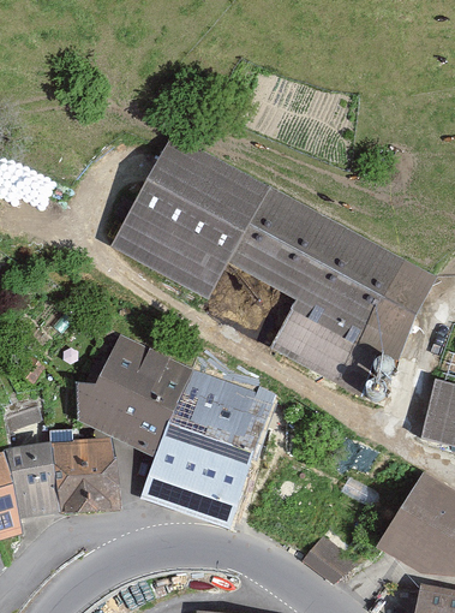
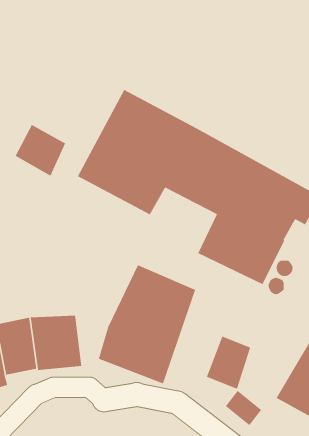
building: none -> [14,124,66,177]
building: [73,331,191,451] -> none
building: none -> [206,336,251,390]

